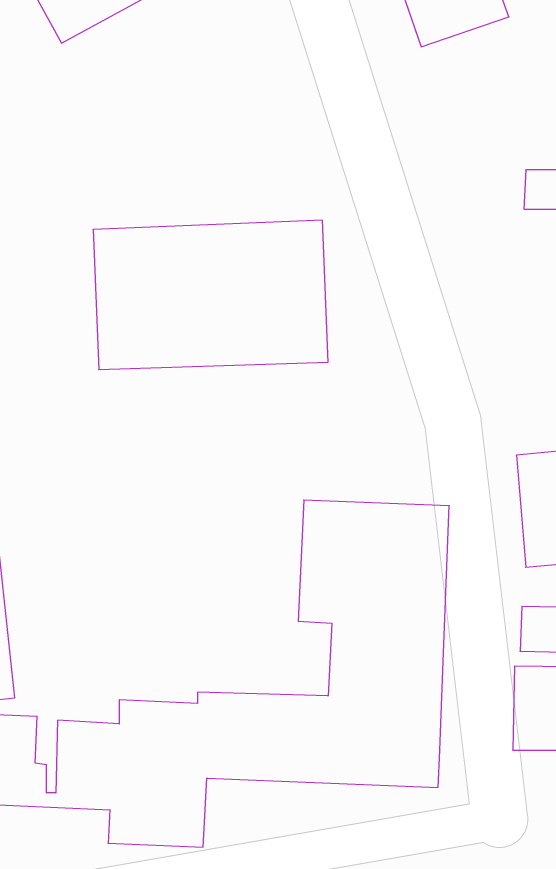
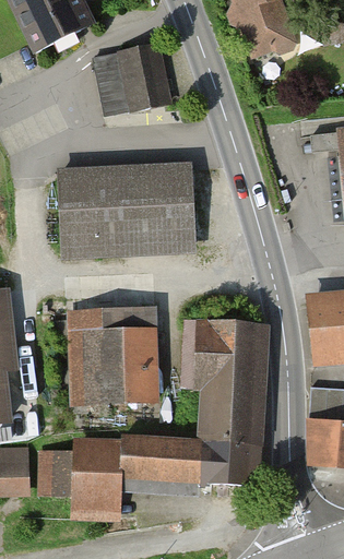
building: none -> [94,44,169,114]
building: none -> [69,306,161,403]

